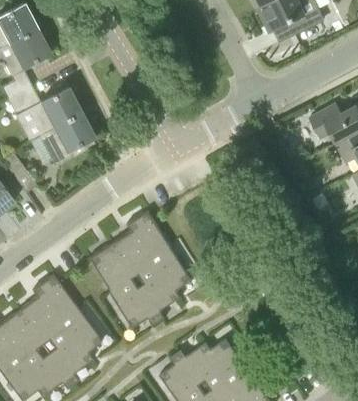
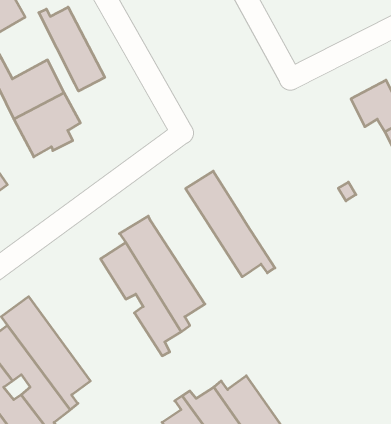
building: none -> [39,7,105,91]
building: [89,245,160,329] -> [186,171,275,277]

